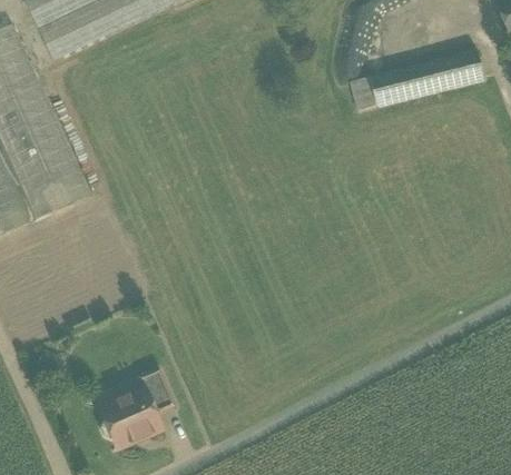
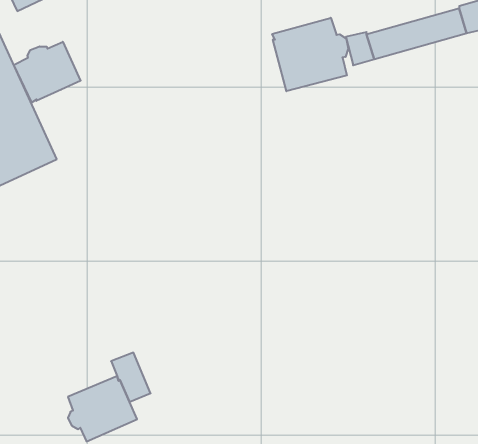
building: none -> [272,18,348,91]
building: none -> [14,42,81,102]

